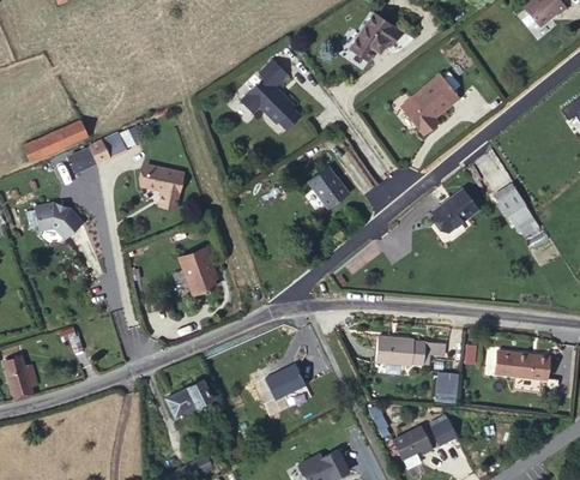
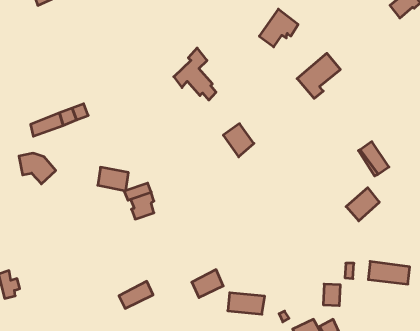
building: [19,121,84,162] -> none
building: [139,163,180,194] -> [98,167,128,191]
building: [433,190,477,234] -> [346,188,379,221]
building: [379,335,428,364] -> [228,293,265,314]

